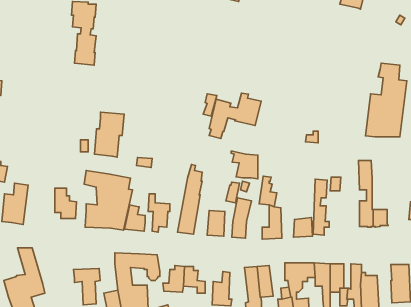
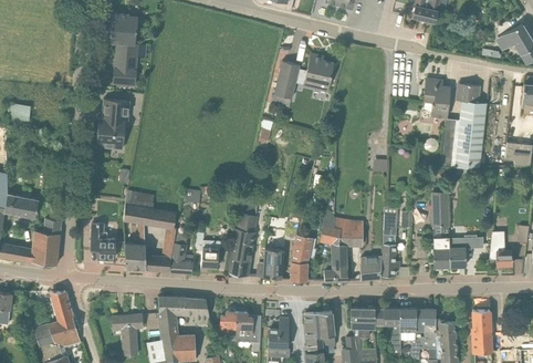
building: none -> [421,80,449,118]
building: [209,93,261,138] -> [274,54,333,105]
building: [95,112,124,157] -> [96,98,129,149]
building: [231,151,258,179] -> [332,216,362,247]

